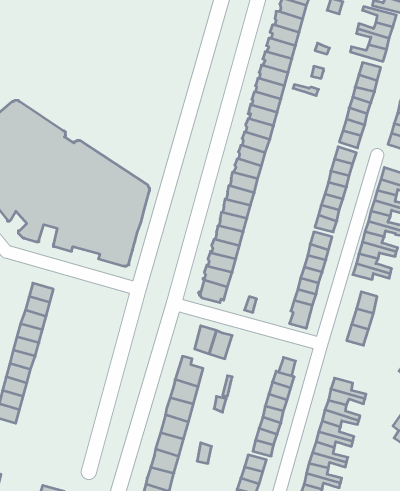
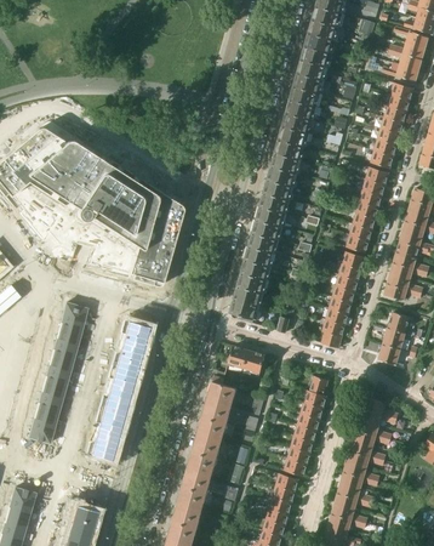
building: none -> [81,320,149,461]

